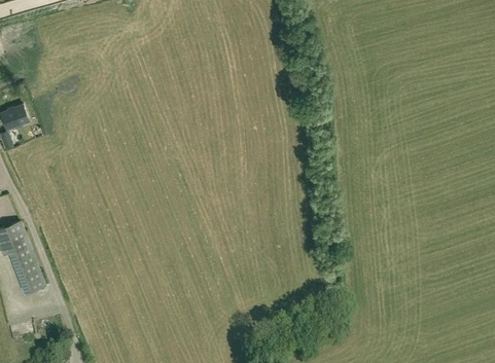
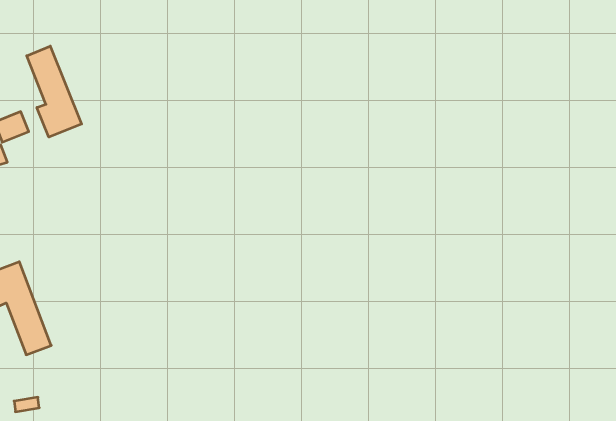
building: none -> [27,46,82,137]

